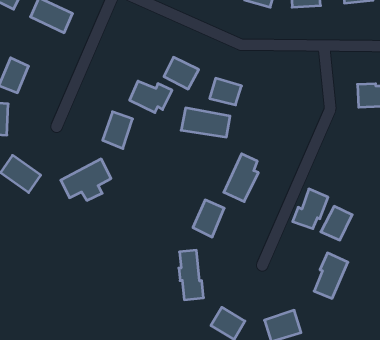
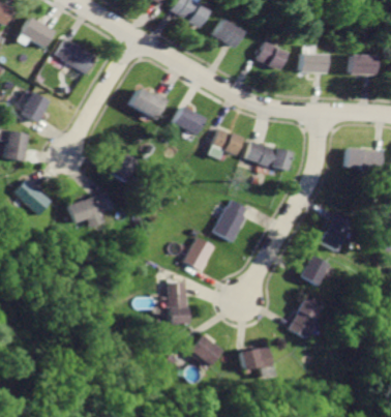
building: [130,81,172,113] -> [132,88,172,118]
building: [181,108,230,137] -> [246,141,292,171]
building: [293,189,328,229] -> [320,213,354,249]

